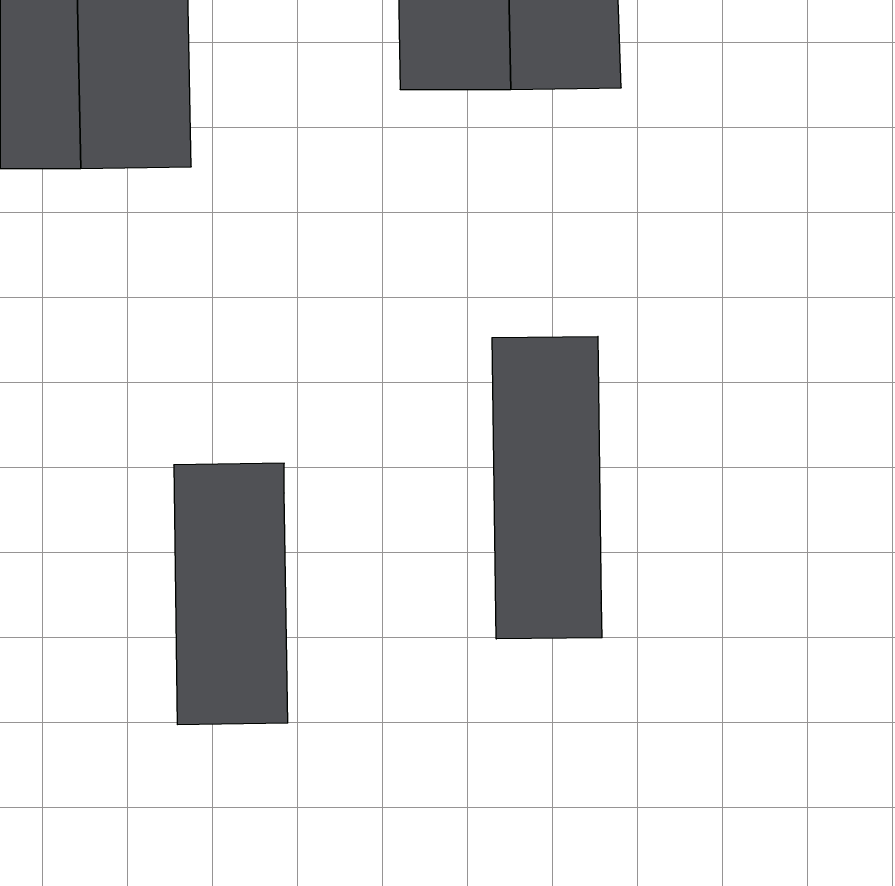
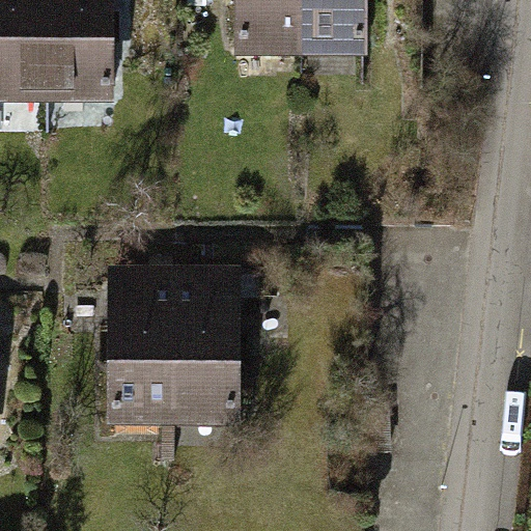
building: [492,336,602,639] -> none
building: none -> [169,273,235,427]

